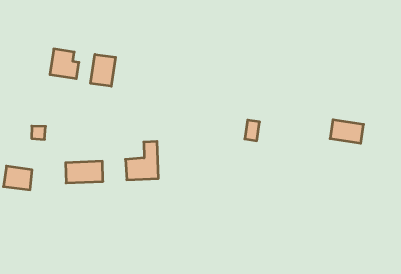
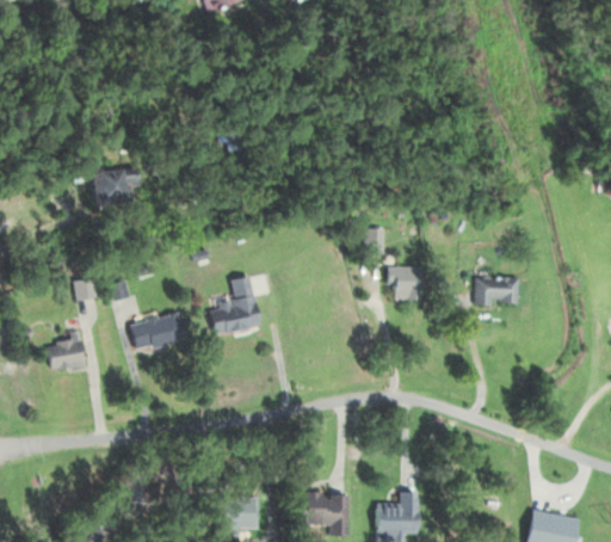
building: [91,54,116,86] -> none
building: [330,120,364,143] -> [477,277,520,303]
building: none -> [388,266,421,298]

